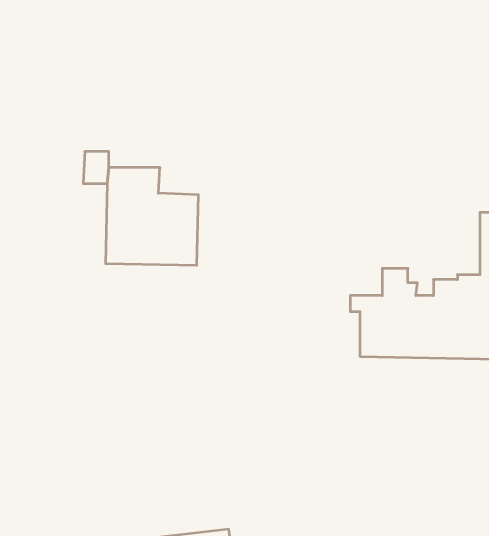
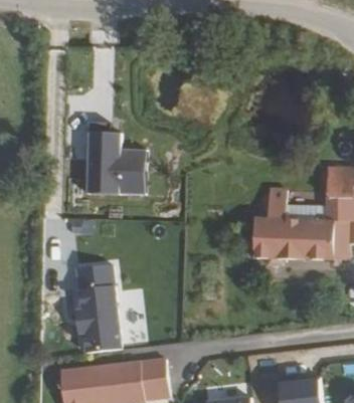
building: none -> [77,264,122,353]

